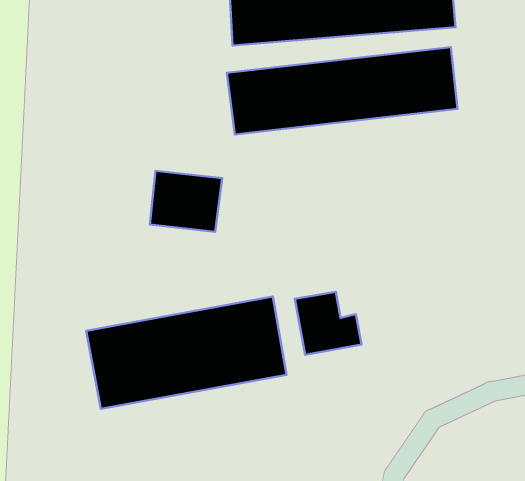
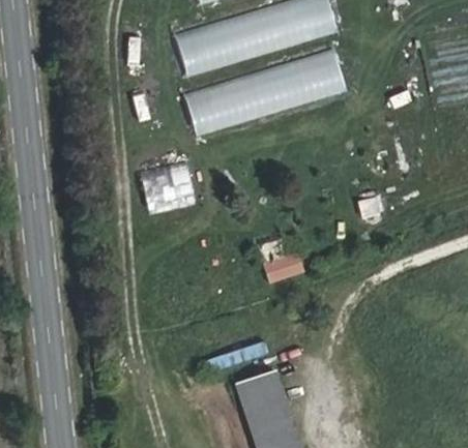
building: [86,296,287,409] -> none

